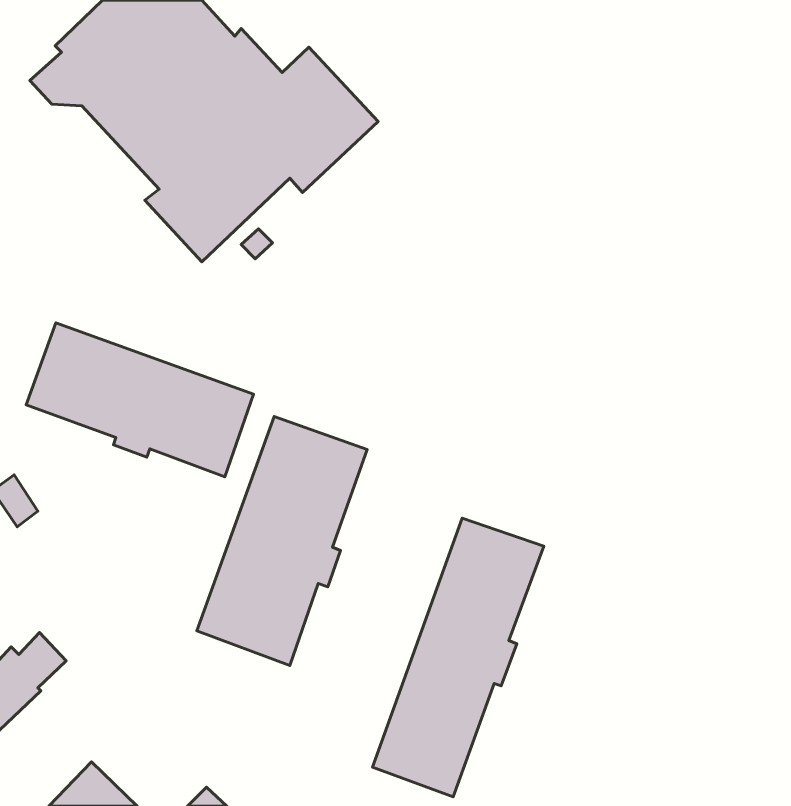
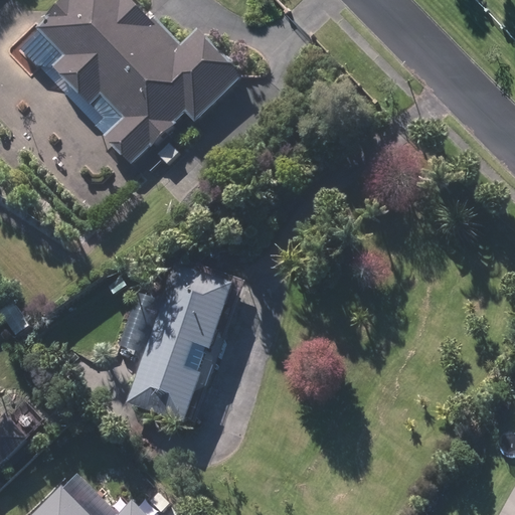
building: [26,323,254,477] -> none
building: [372,518,544,797] -> none

